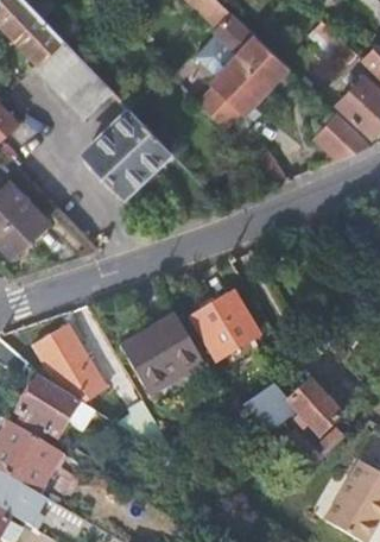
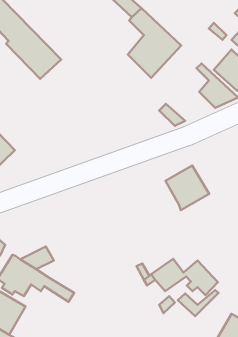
building: [86,108,170,193] -> none
building: [195,296,259,361] -> [165,166,209,210]
building: [125,314,207,395] -> none
building: [36,323,90,380] -> none

